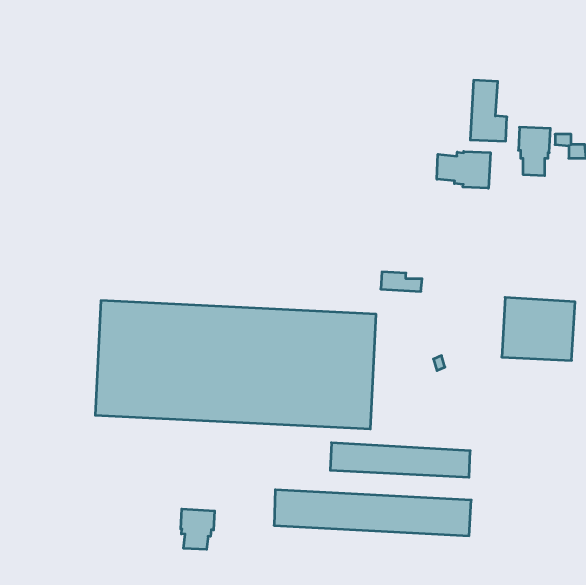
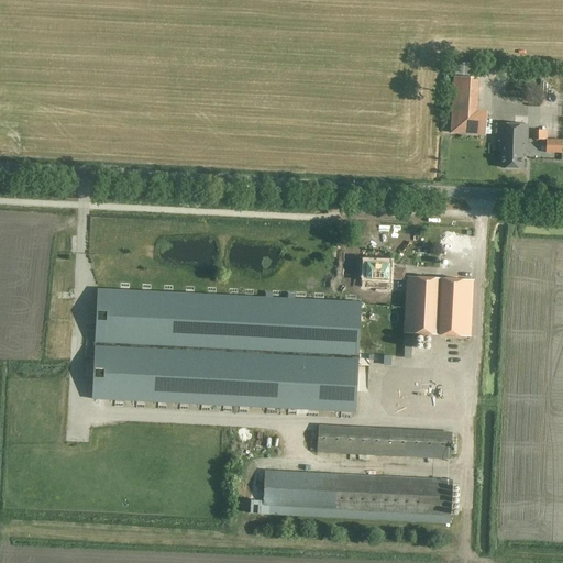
building: [437,151,490,188] -> none
building: [502,297,575,360] -> [402,275,473,335]
building: [181,509,215,549] -> none

